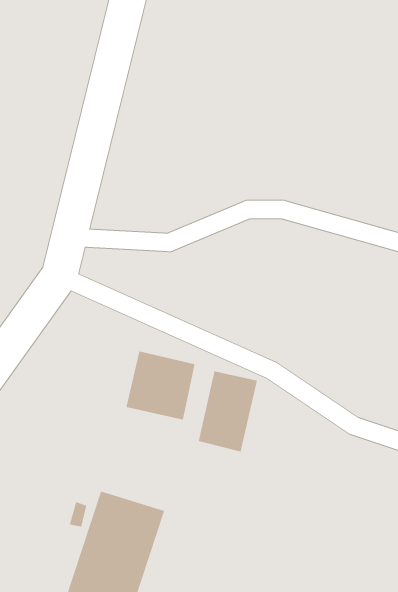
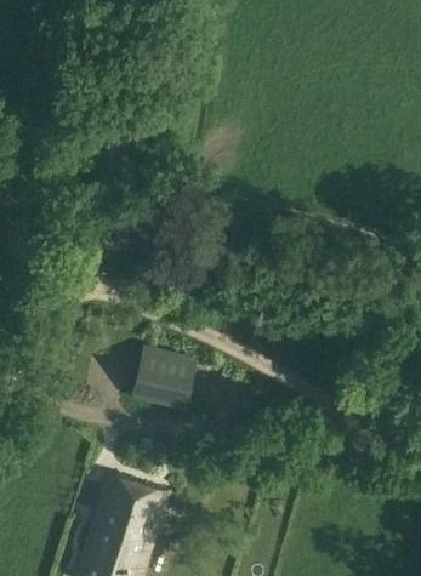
building: [198,371,258,453] -> none

